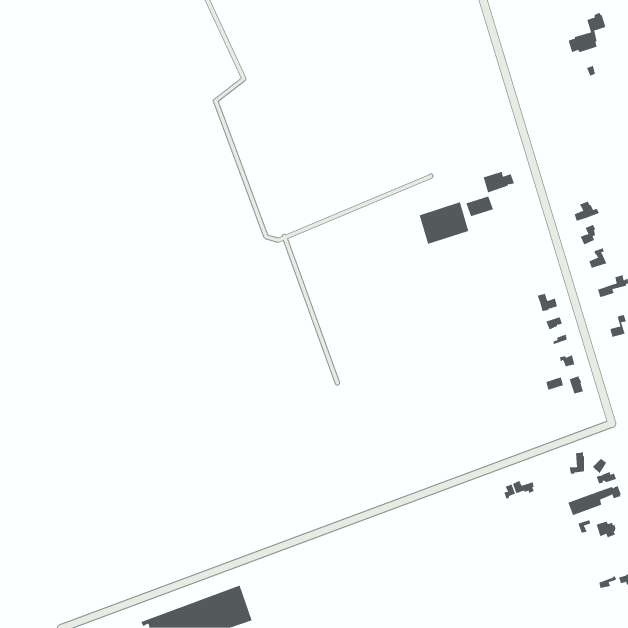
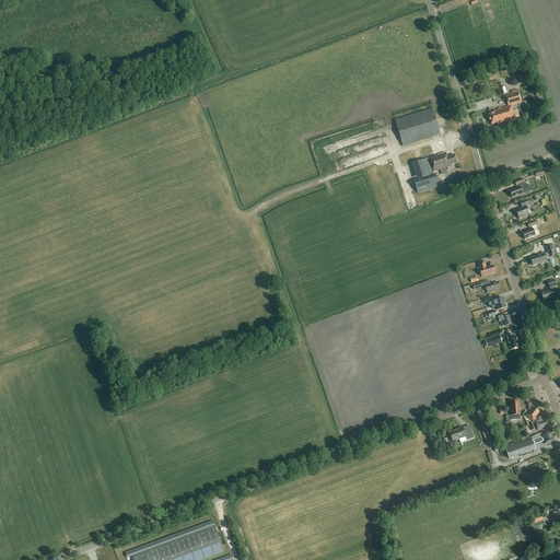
building: [568,12,606,53] -> [489,89,523,125]
building: [419,202,469,245] -> [396,107,441,145]

